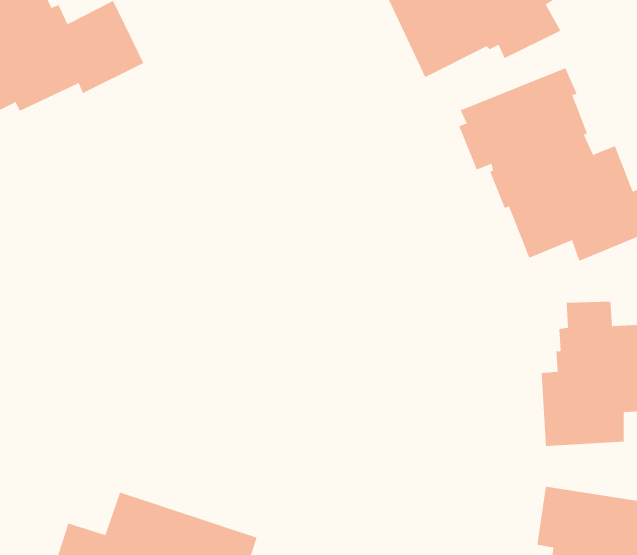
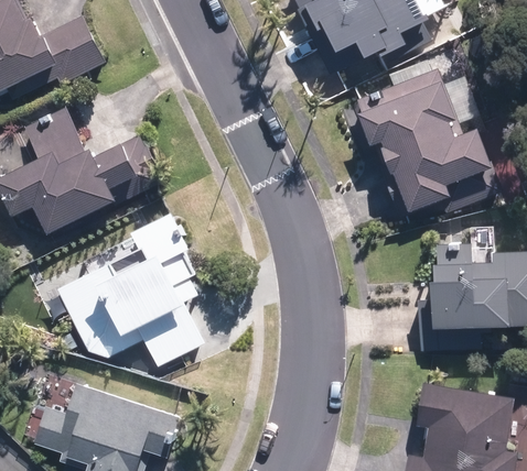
building: none -> [9,108,166,236]
building: none -> [62,213,209,368]

